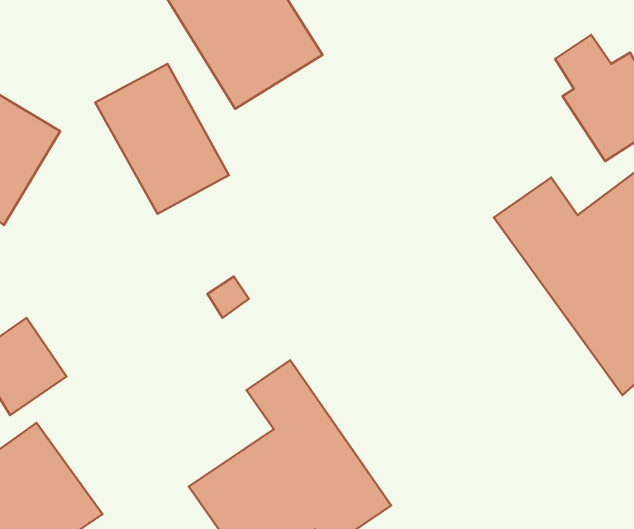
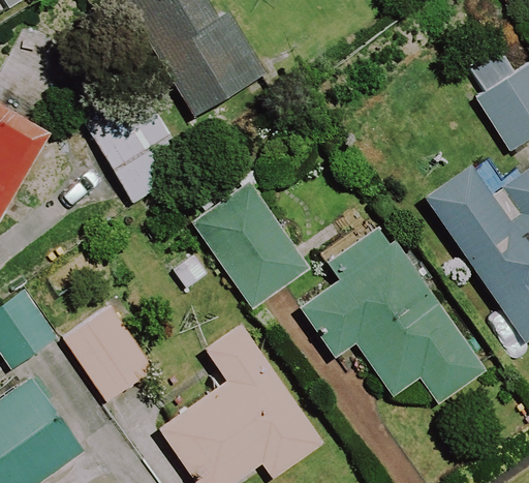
building: none -> [191,179,311,308]
building: none -> [299,238,488,403]
building: none -> [62,304,153,400]

